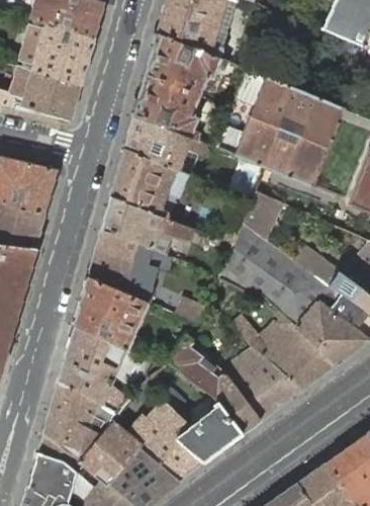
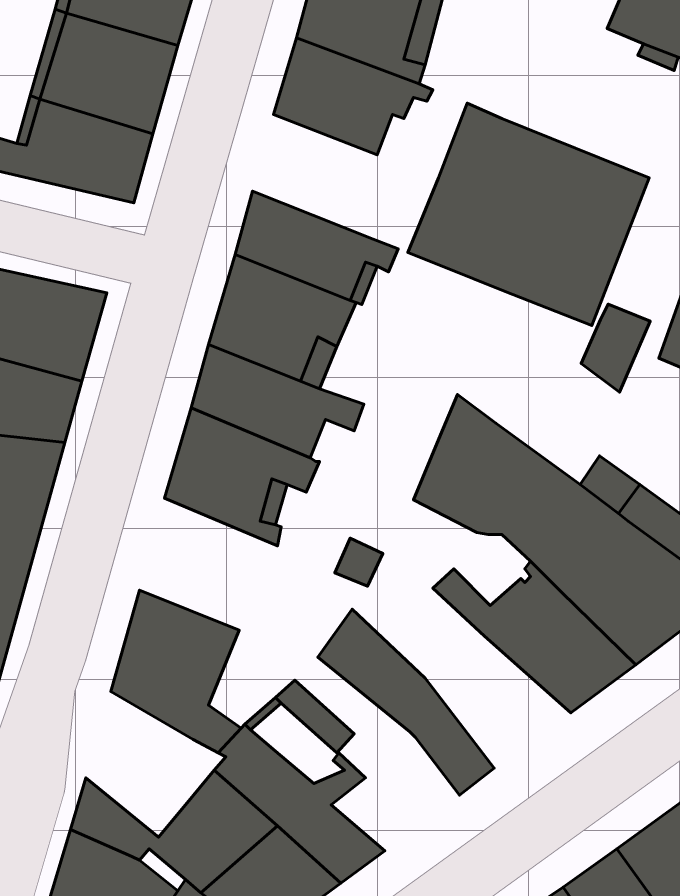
building: [134,75,201,141] -> none
building: [243,191,279,238] -> [581,304,650,392]
building: [75,277,149,349] -> none
building: [225,350,302,420] -> none
building: [47,380,120,456] -> none
building: [176,401,244,463] -> none

